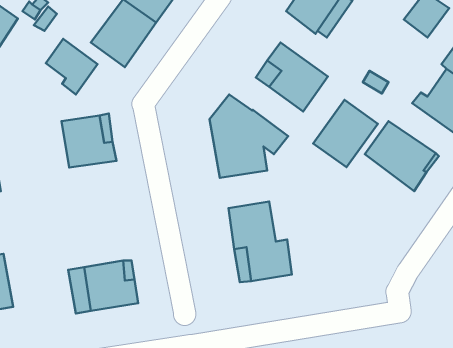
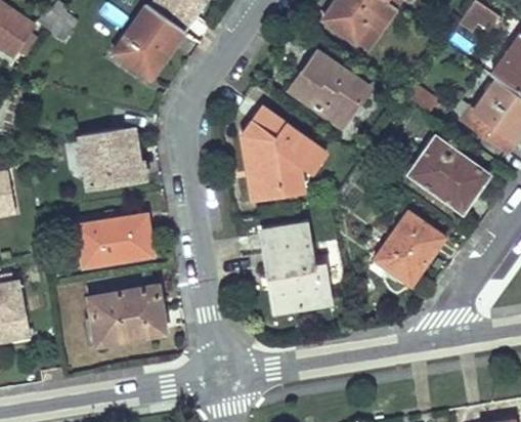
building: [46,39,97,95] -> none
building: [313,100,378,167] -> [375,212,444,285]
building: none -> [78,215,153,266]

